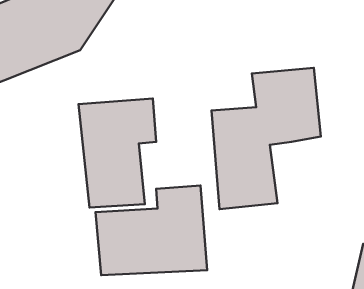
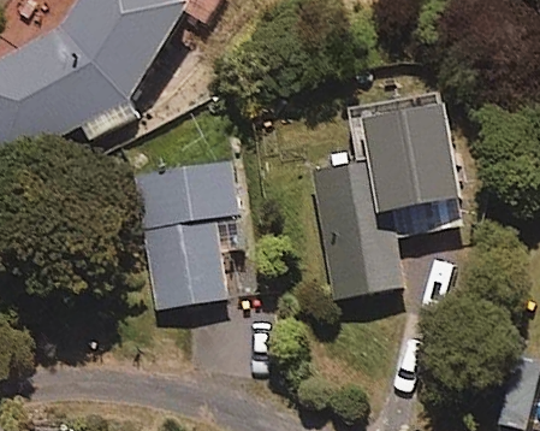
building: [96,185,207,275] -> none

